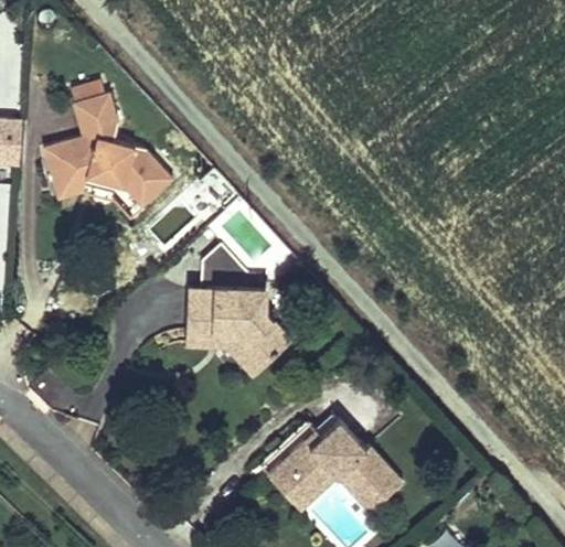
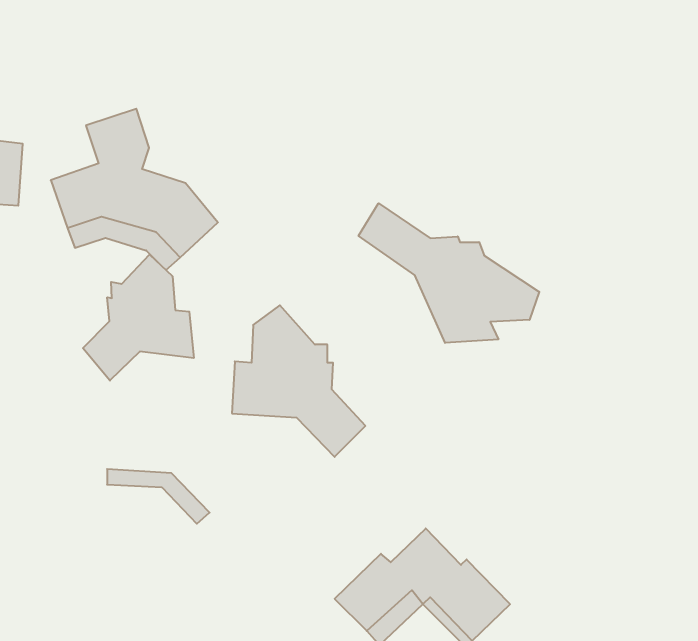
building: none -> [359,203,539,343]
building: none -> [83,255,194,381]
building: [184,330,265,373] -> [107,469,210,524]

